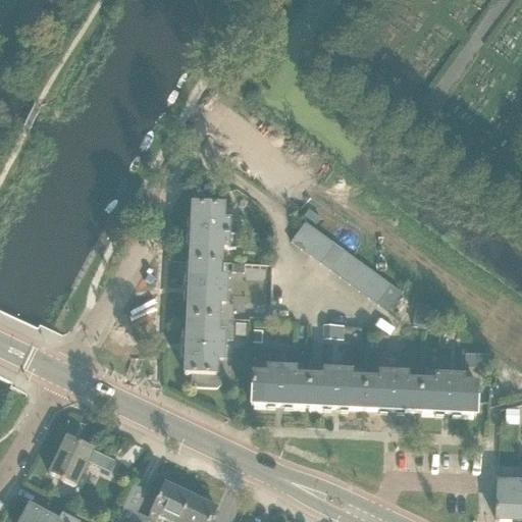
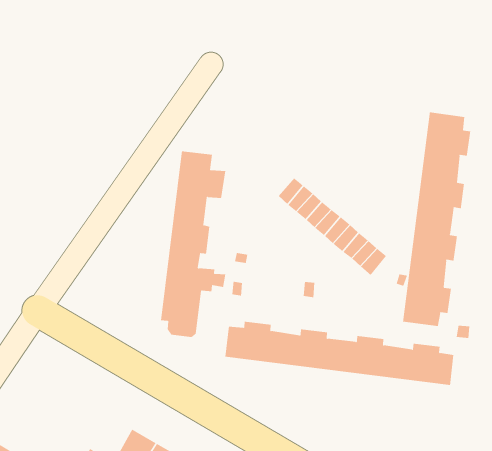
building: none -> [403,112,471,327]
building: [49,433,115,482] -> none

